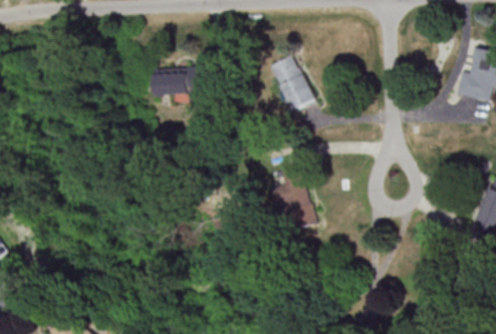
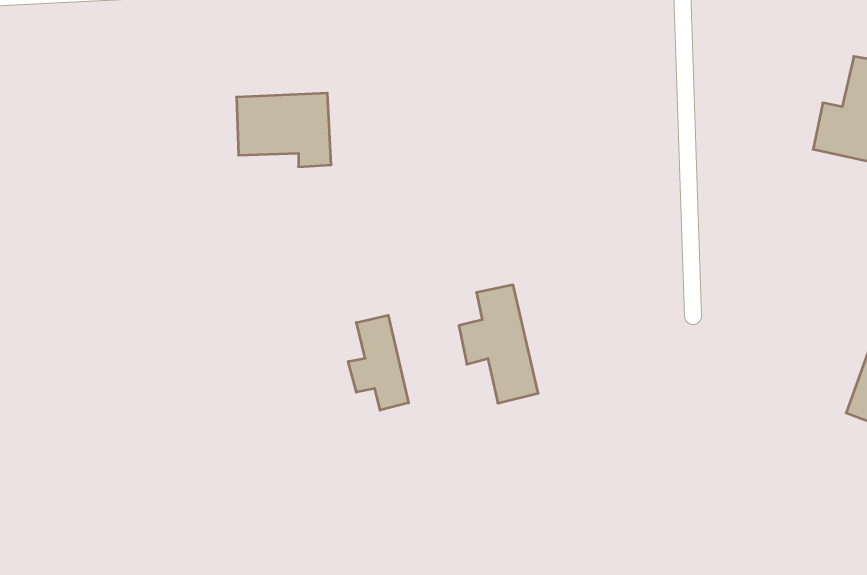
building: [270,54,314,111] -> none
building: none -> [348,315,409,410]

